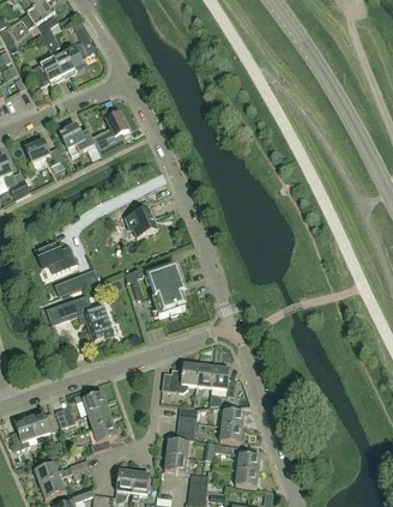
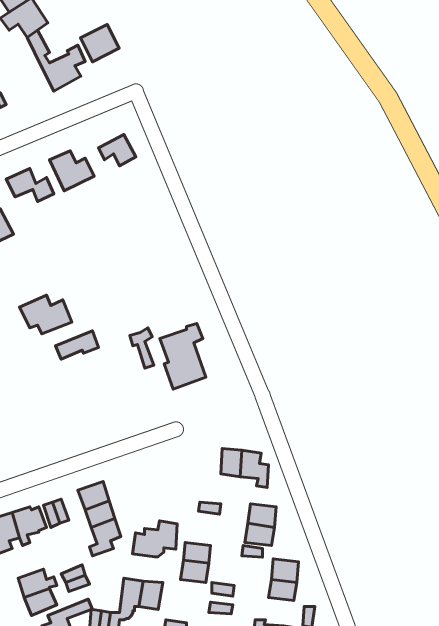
building: [31,56,62,86] -> [80,24,119,62]
building: [117,206,157,236] -> none
building: [46,294,113,339] -> none
building: [162,361,198,390] -> [133,521,177,557]

